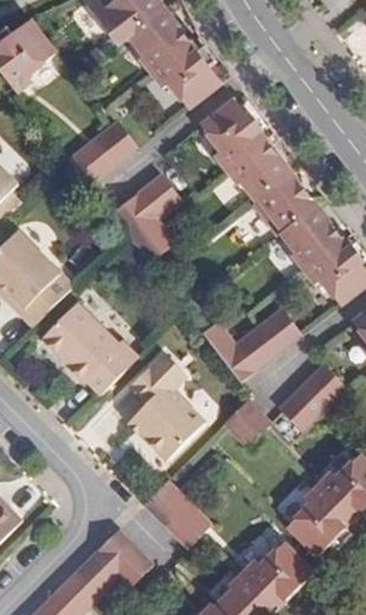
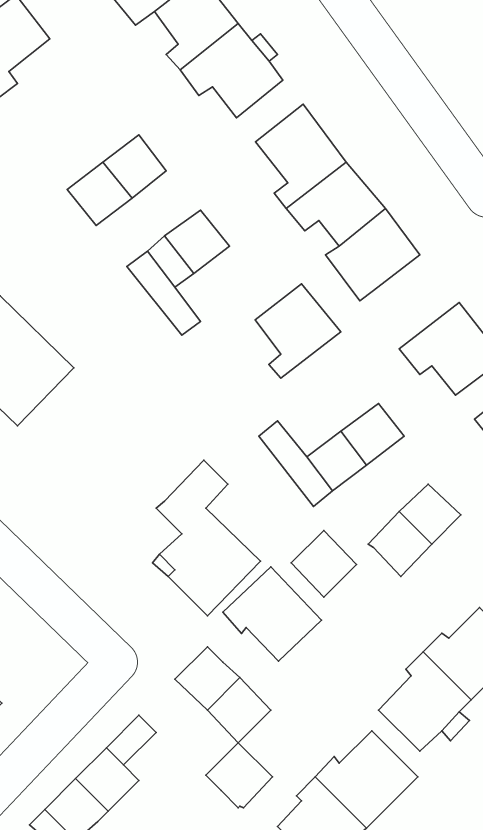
building: [283,205,343,271] -> [255,284,341,378]
building: [43,305,139,394] -> none
building: none -> [223,567,322,661]
building: [108,541,155,586] -> [206,743,272,808]

